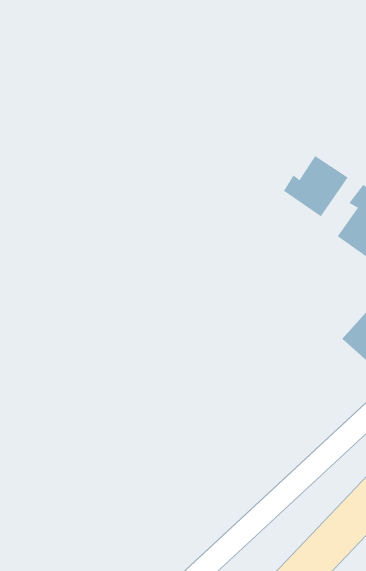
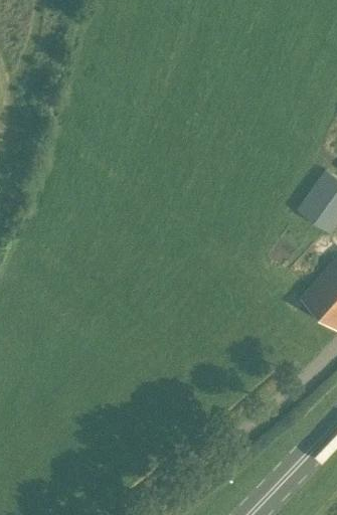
building: [283,155,349,217] -> none

